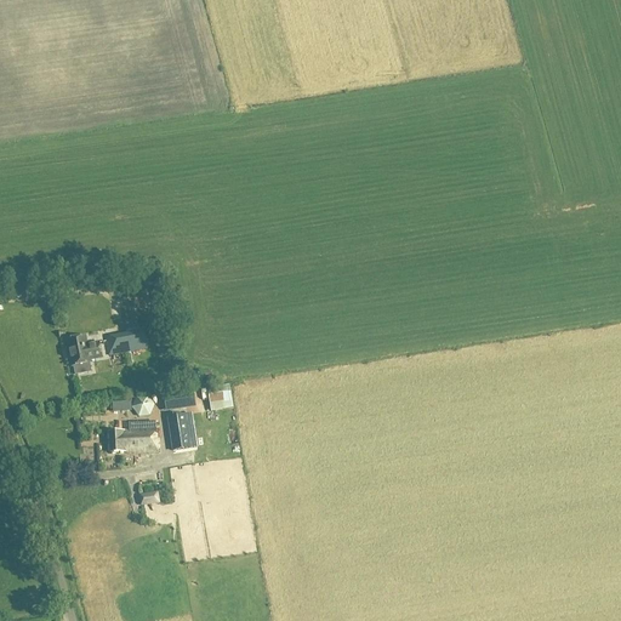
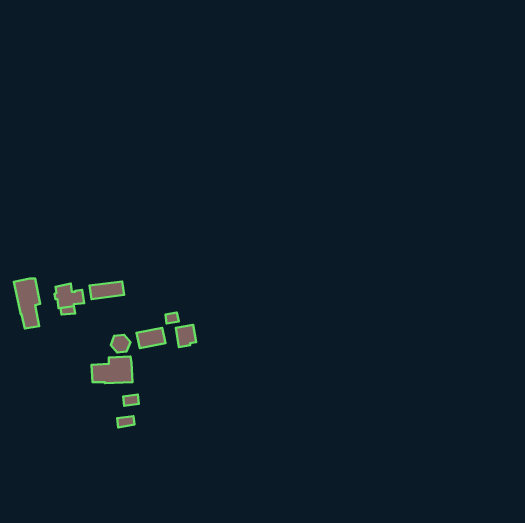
building: none -> [14,278,40,329]
building: [166,410,195,448] -> none

